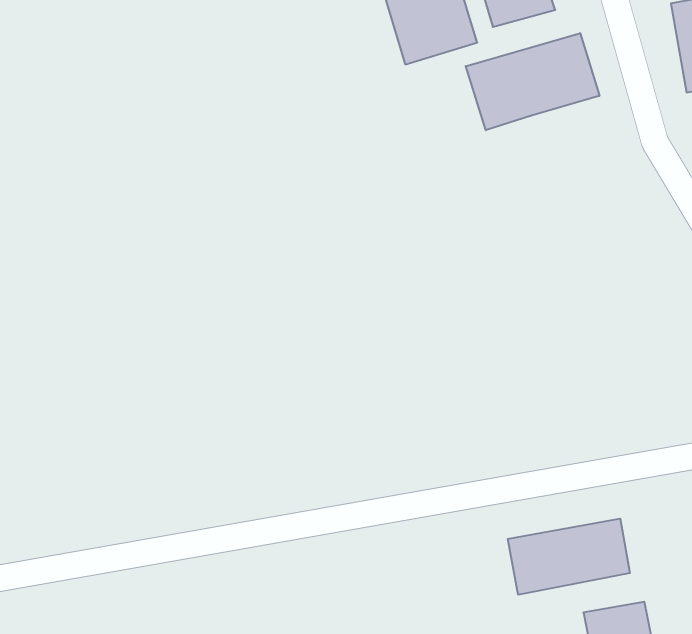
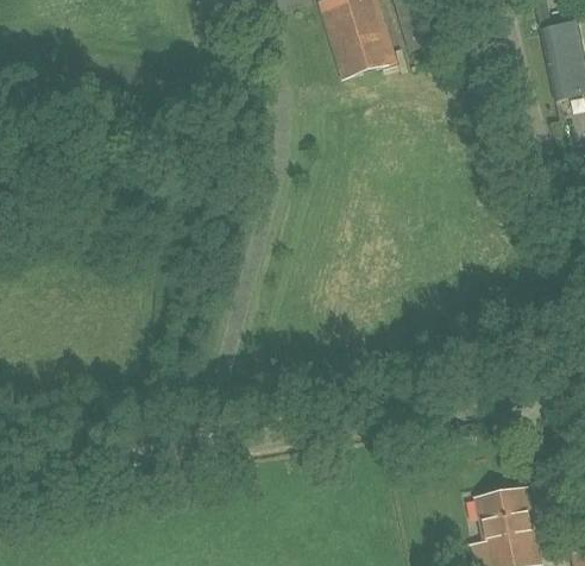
building: [466,33,599,130] -> none
building: [508,519,630,595] -> none

